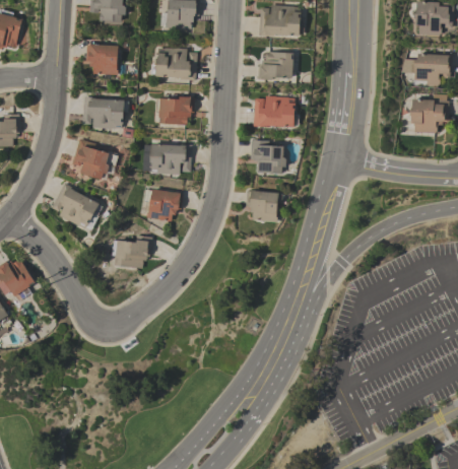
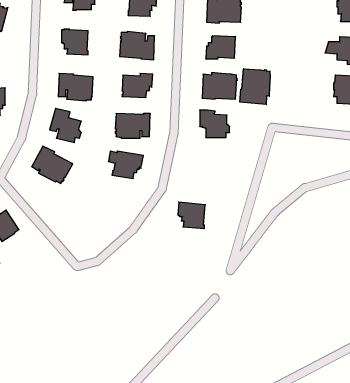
building: none -> [240,69,270,105]
building: [246,190,278,221] -> [178,202,205,229]
building: [111,236,152,268] -> none

